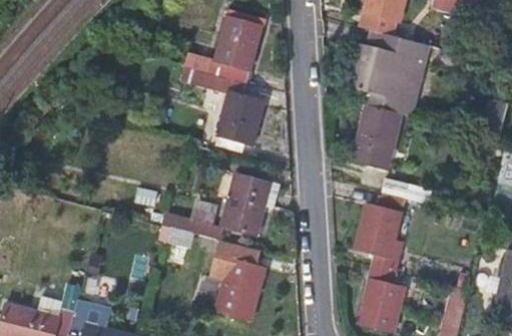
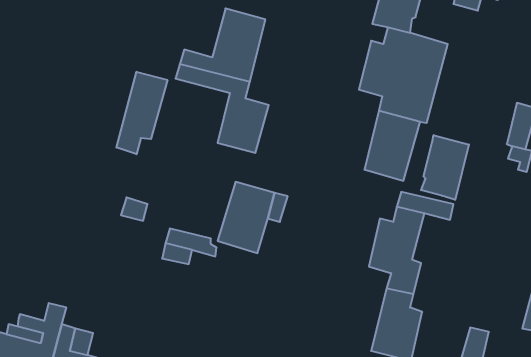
building: none -> [116,72,167,154]
building: none -> [421,135,469,200]
building: [214,239,266,321] -> none

